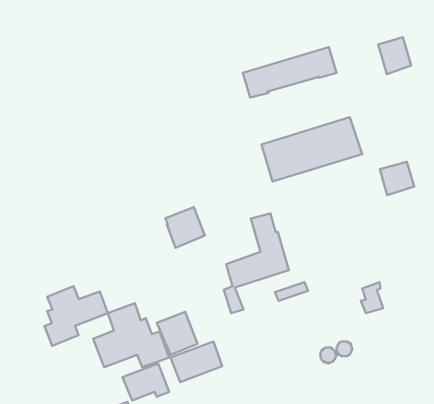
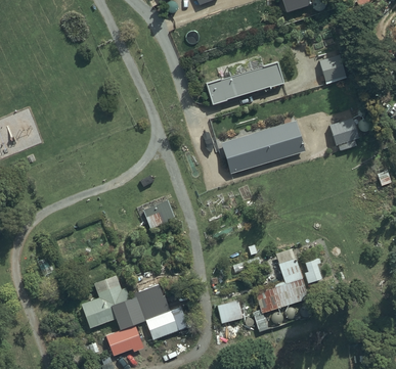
building: [380,162,414,195] -> [331,119,359,146]
building: [224,214,289,313] -> [254,249,308,332]
building: [45,286,108,346] -> none
building: none -> [218,301,244,323]

